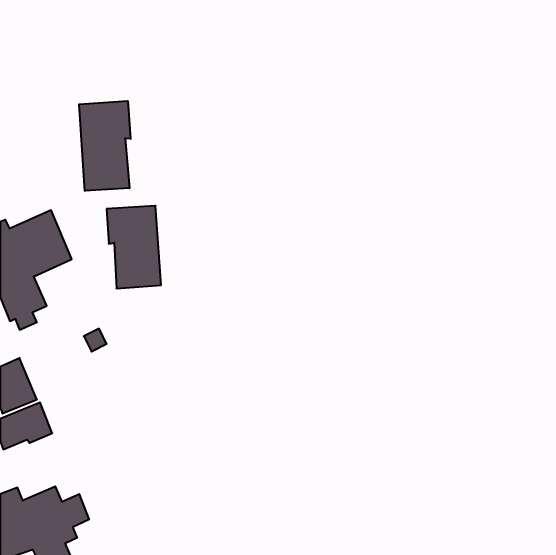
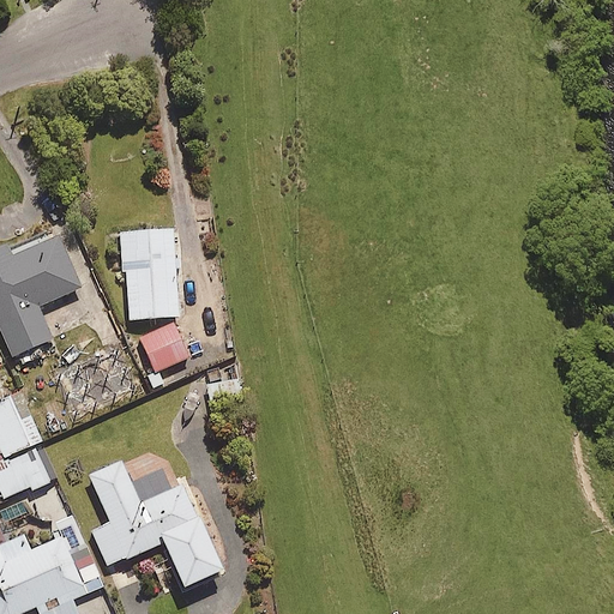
building: [79,101,131,191] -> none
building: none -> [140,324,188,372]
building: none -> [89,460,221,585]

